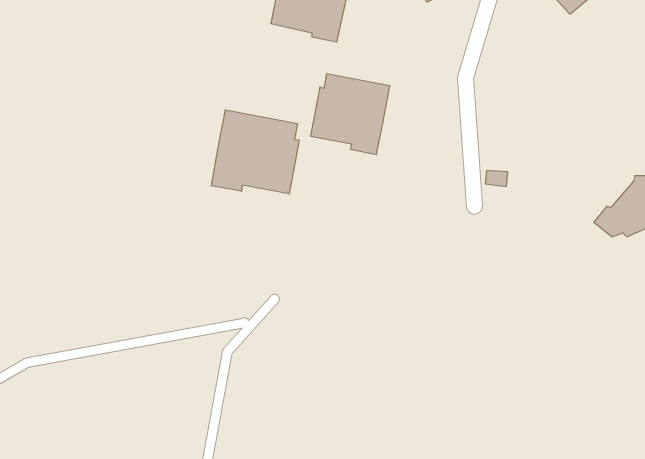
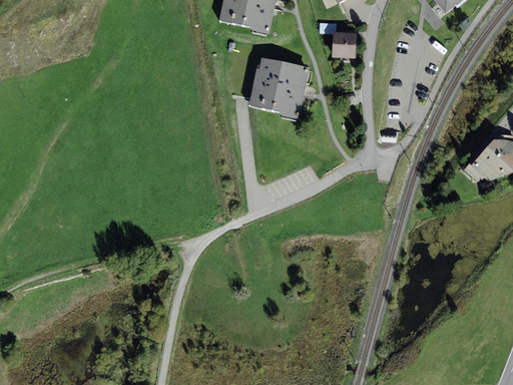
building: none -> [332,31,357,58]
building: [211,110,299,194] -> none

